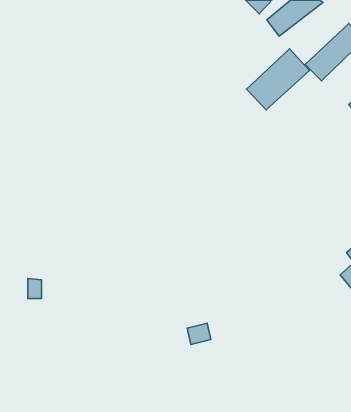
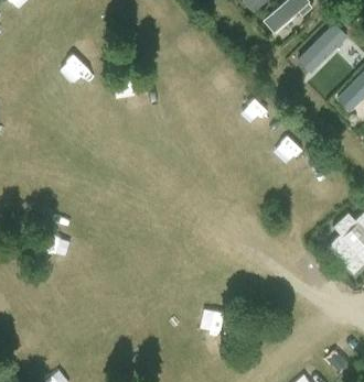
building: [247,49,309,110] -> none

